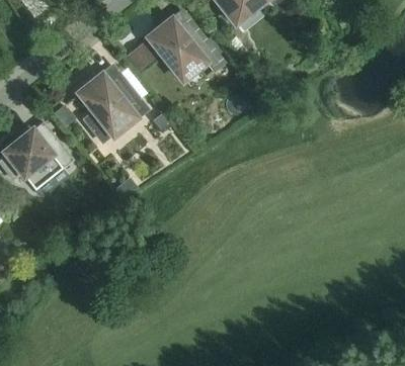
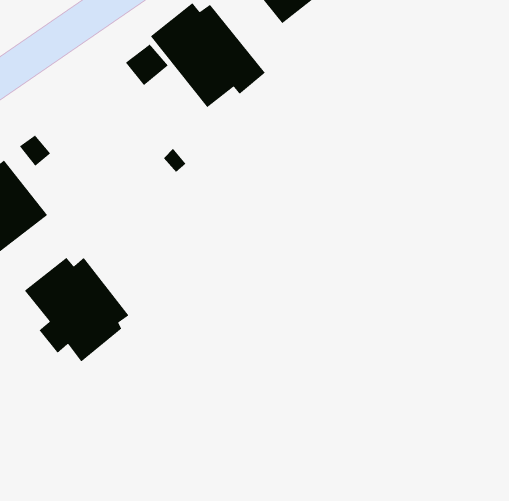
building: [74,69,147,142] -> [24,257,130,363]

